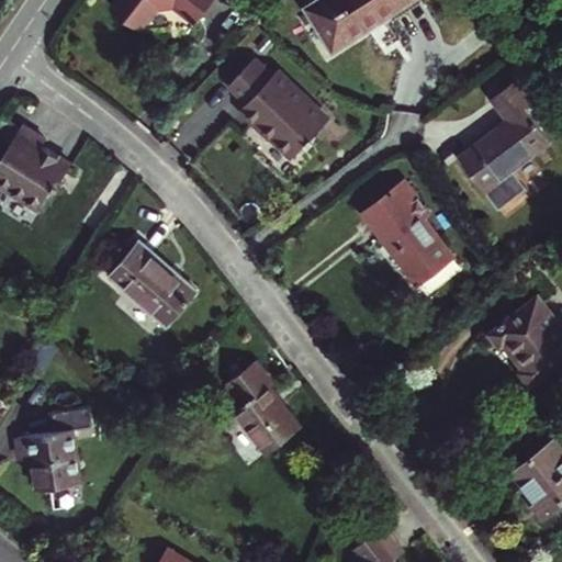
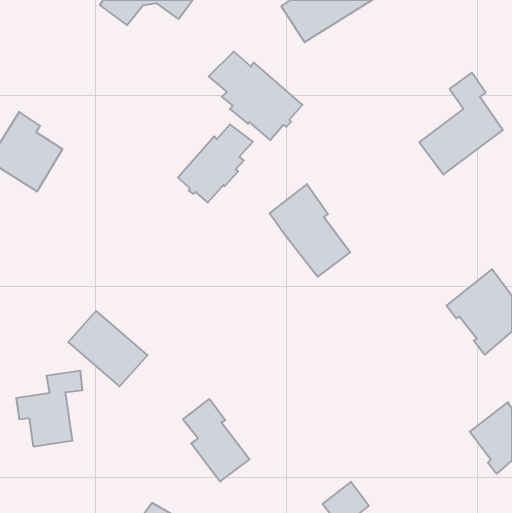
building: none -> [178,124,253,203]
building: [362,183,450,284] -> [269,184,350,277]
building: [108,243,194,325] -> [68,311,148,387]
building: [224,362,296,452] -> [183,399,250,482]

